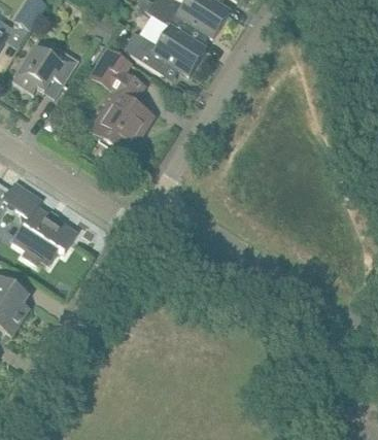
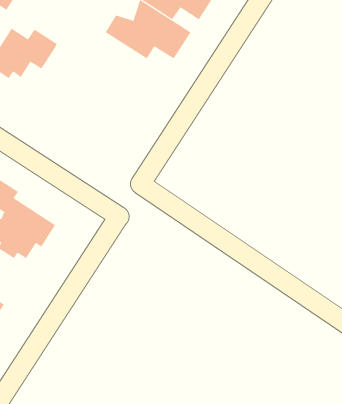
building: [91,47,153,151] -> none

